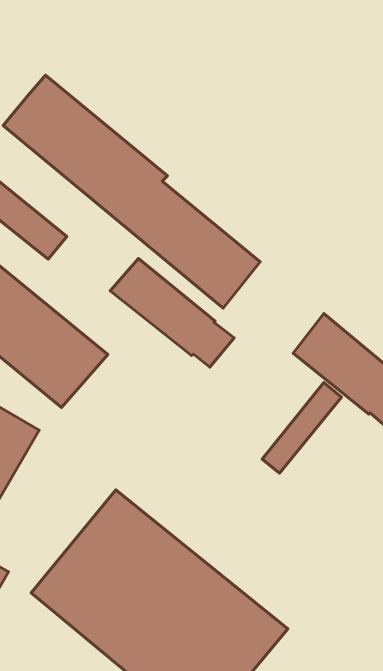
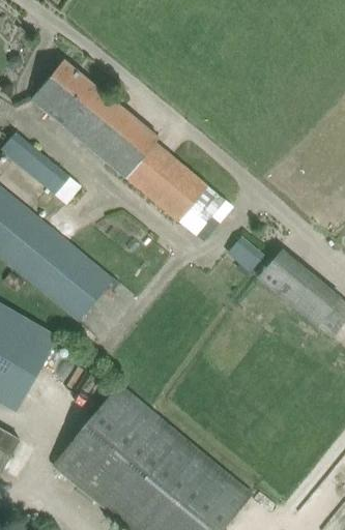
building: [110,258,234,367] -> none
building: none -> [227,235,260,269]
building: [262,382,342,473] -> none

